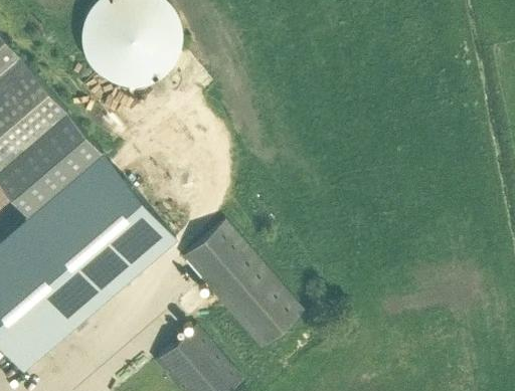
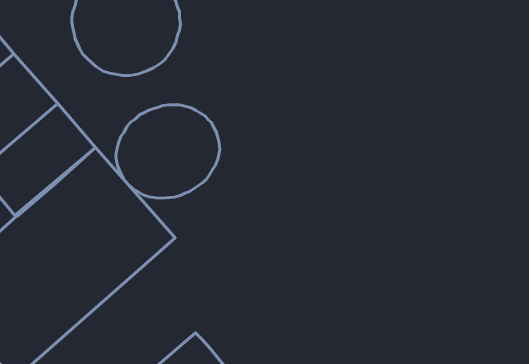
building: none -> [116,105,220,198]
building: [180,221,304,351] -> none

